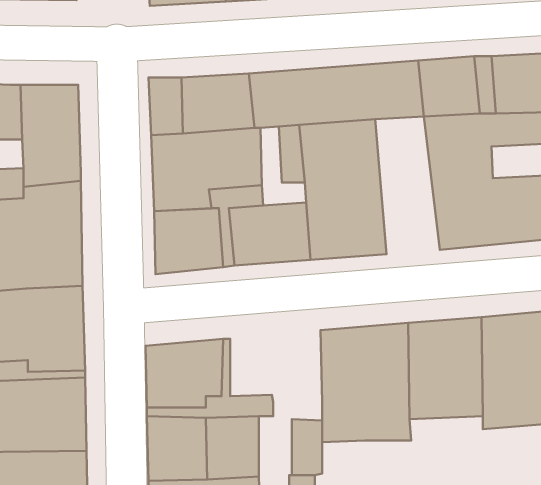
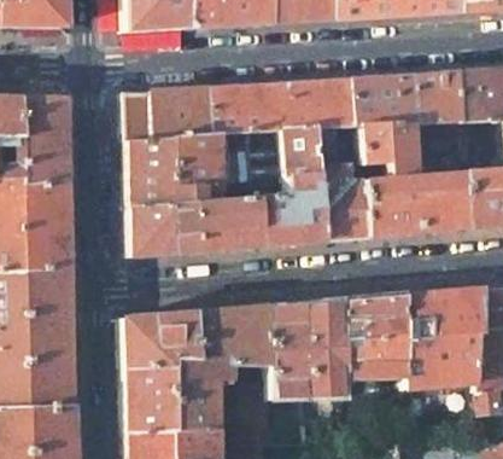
building: none -> [317,126,372,242]
building: none -> [195,306,273,366]

